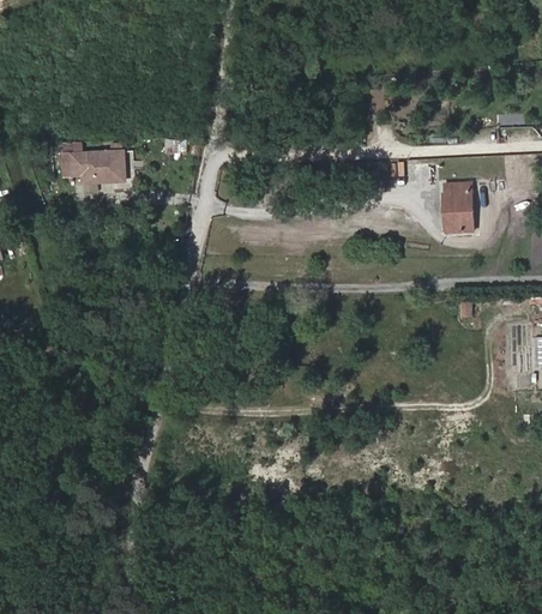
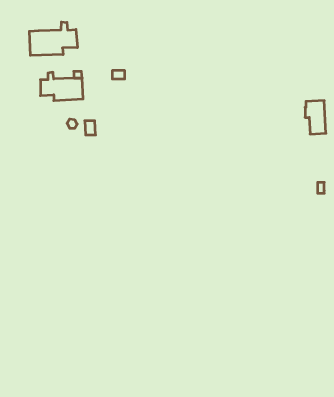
building: none -> [29,22,77,55]

